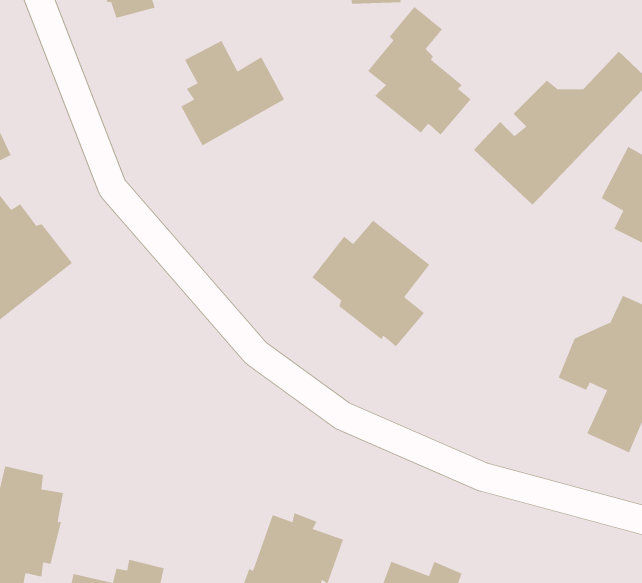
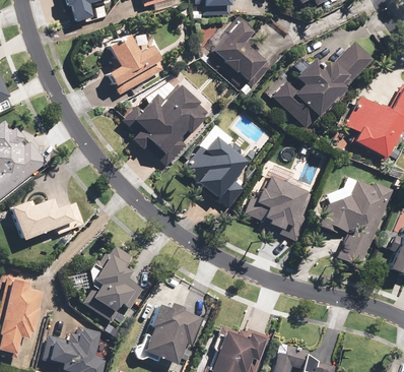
building: none -> [123,84,210,167]
building: none -> [246,175,312,242]
building: none -> [12,197,84,240]
building: none -> [81,245,144,322]

